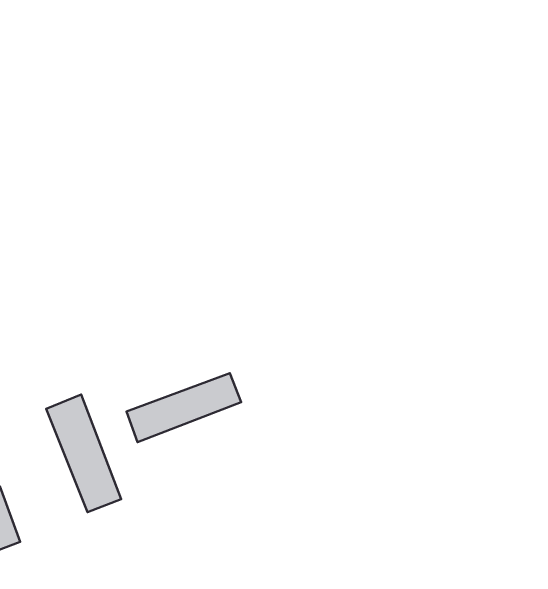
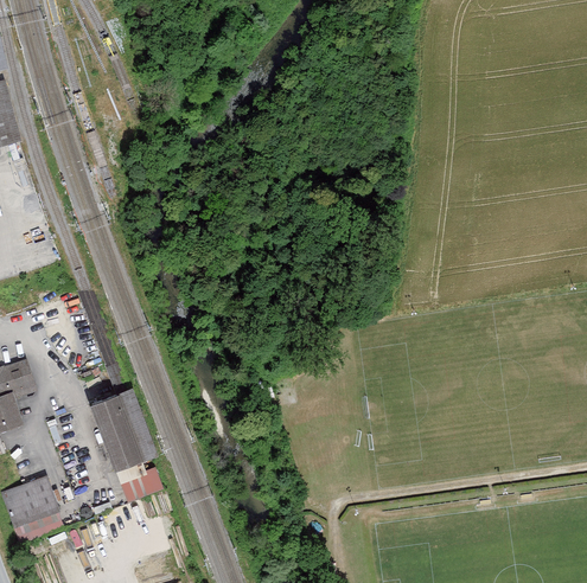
building: [127,373,241,442] -> none

